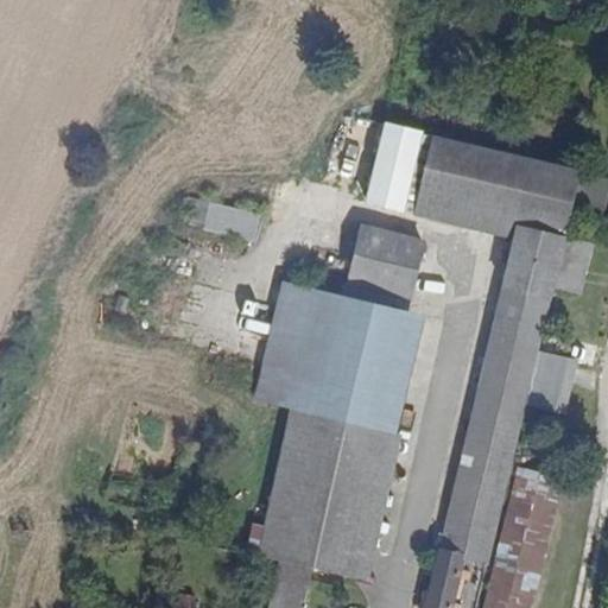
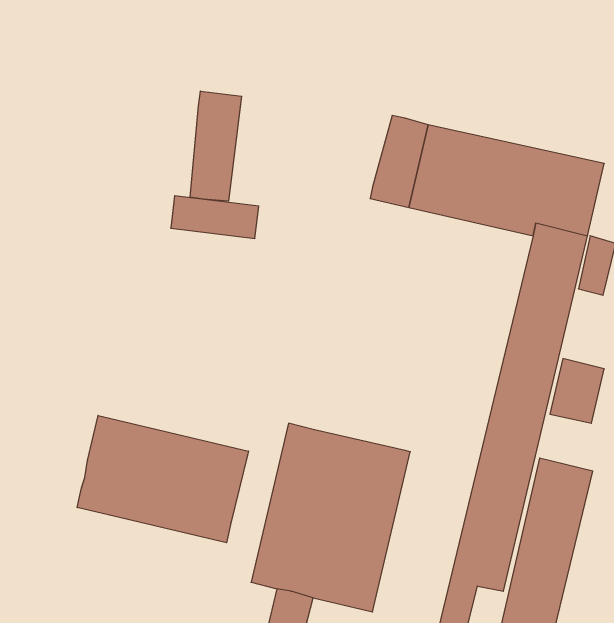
building: none -> [190,91,242,201]
building: [346,224,419,296] -> none
building: [253,280,424,433] -> none
building: none -> [77,415,248,543]

